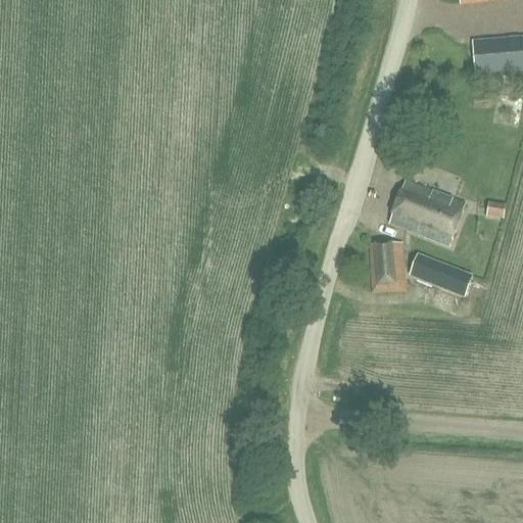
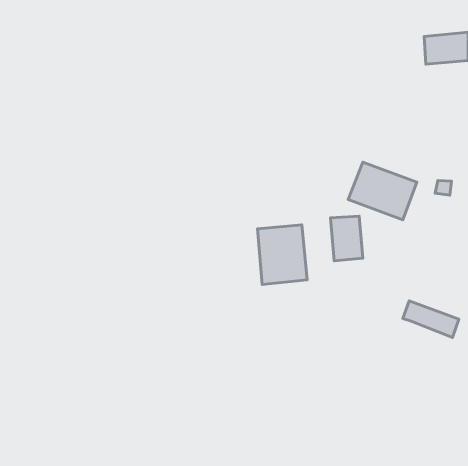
building: none -> [257,225,307,285]
building: [409,253,471,294] -> [403,301,459,338]

